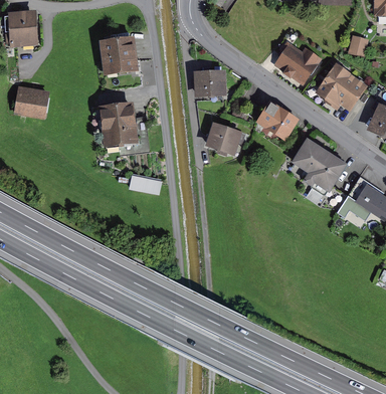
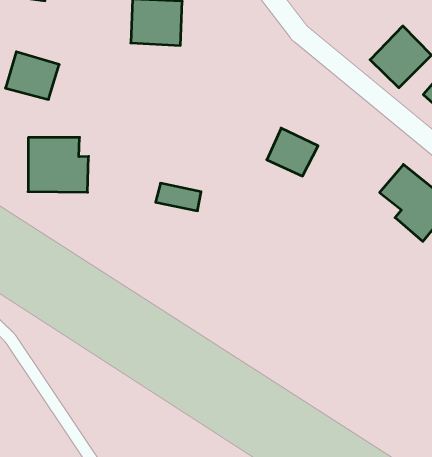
building: [195,71,227,97] -> none
building: [254,99,296,138] -> none
building: [92,105,140,148] -> [28,137,89,192]

